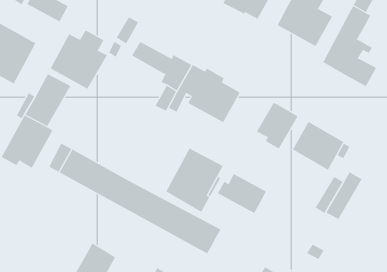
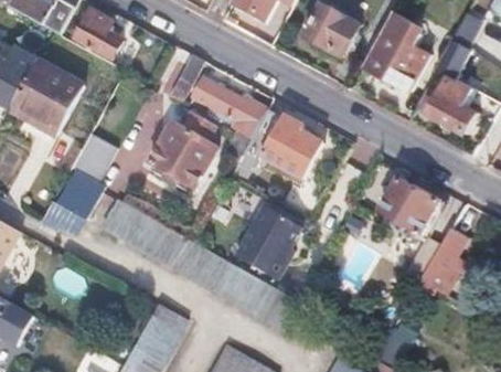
building: [50,30,108,90] -> [149,118,216,188]
building: [256,102,298,149] -> none
building: [217,173,266,214] -> none

